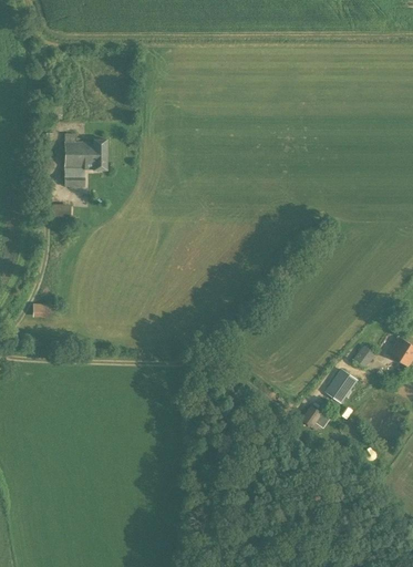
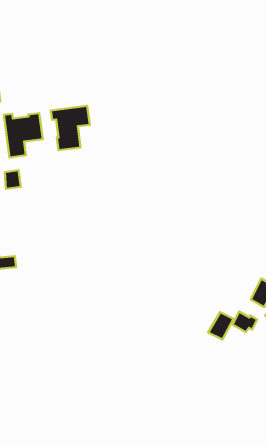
building: none -> [51,106,90,150]
building: none -> [208,312,233,340]

